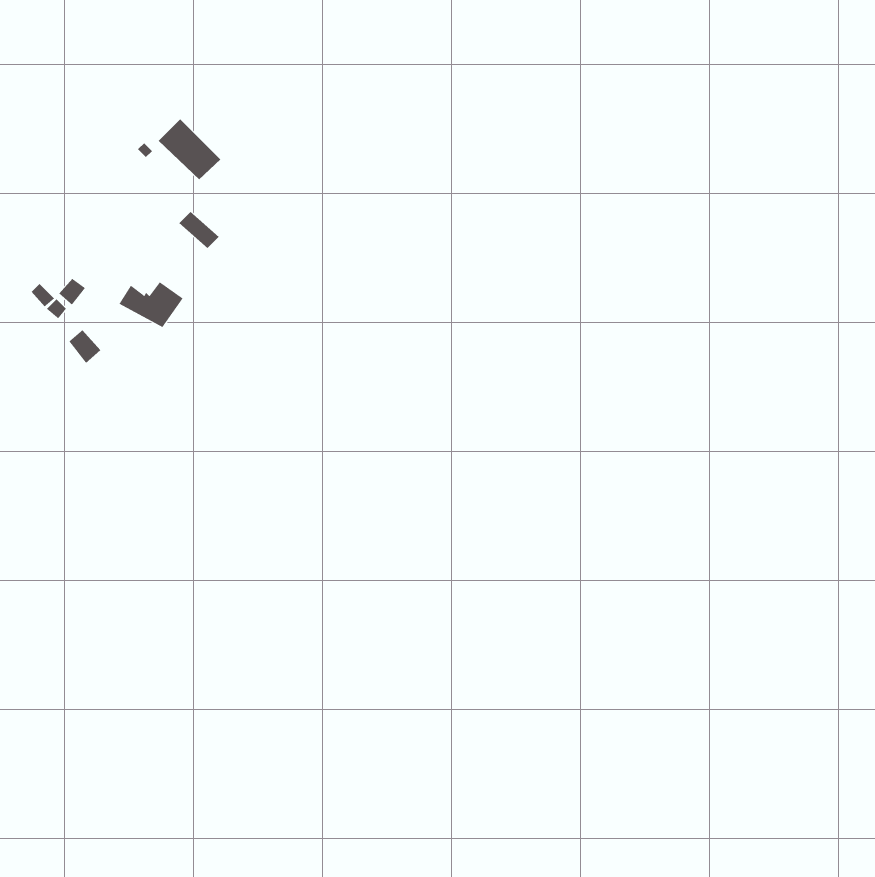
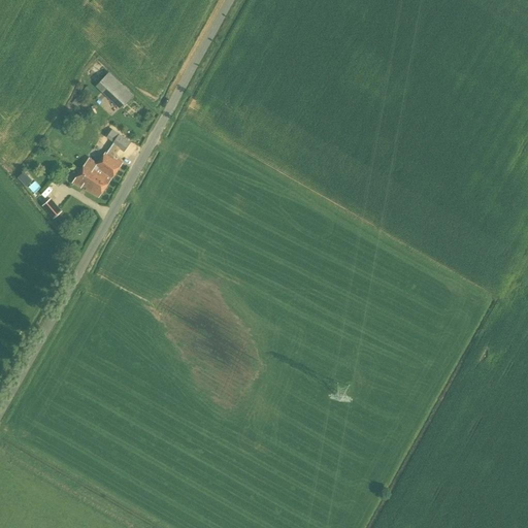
building: none -> [78,144,122,179]

